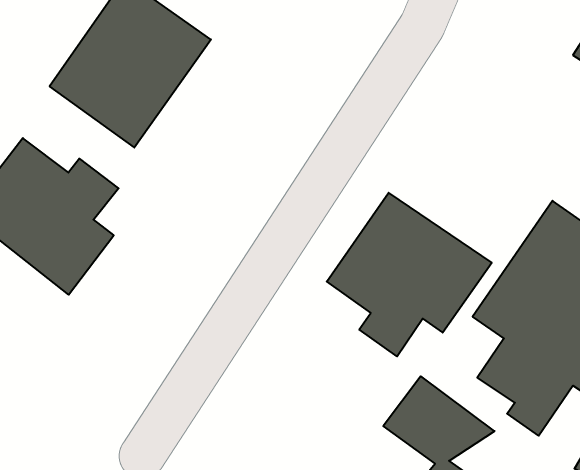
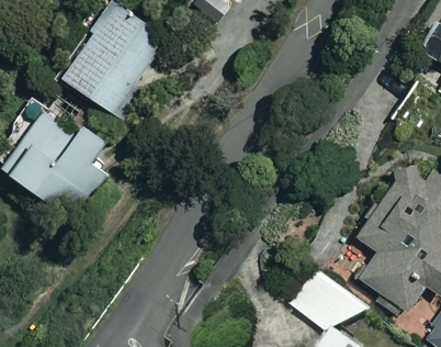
building: [327,193,492,356] -> none

